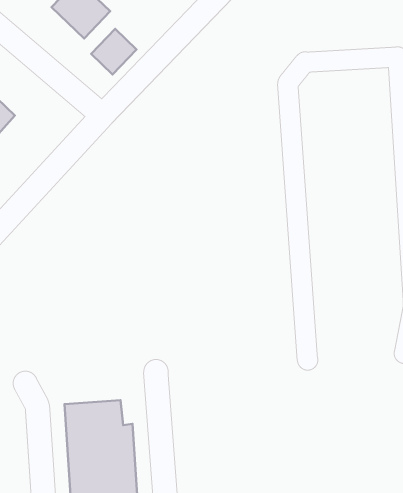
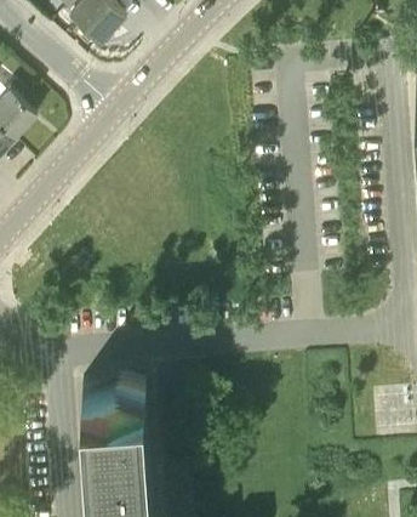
building: [91,29,137,75] -> none

